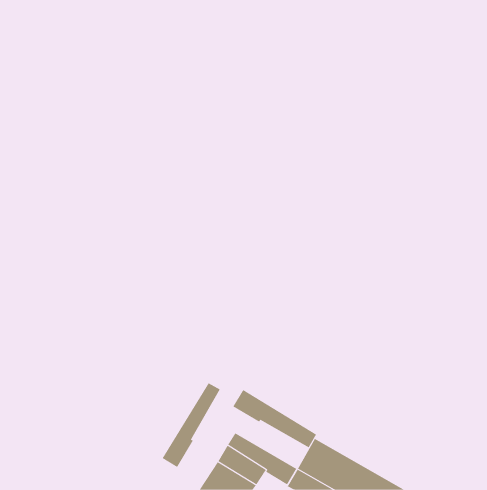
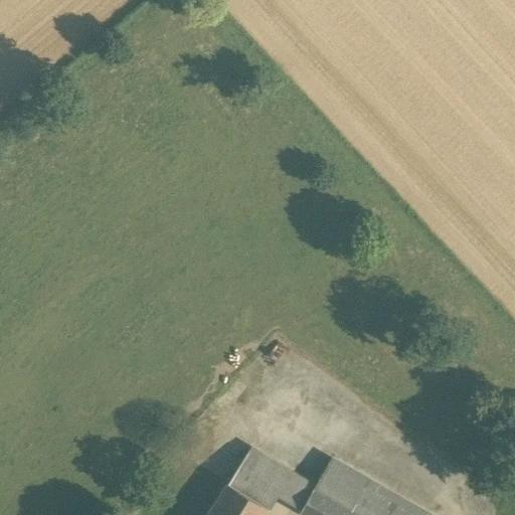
building: [162,382,220,468] -> none
building: [233,389,317,448] -> none

